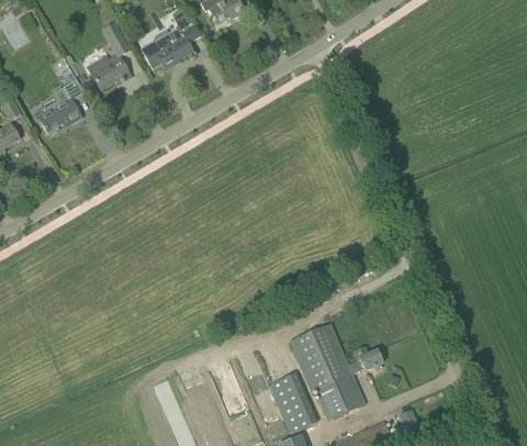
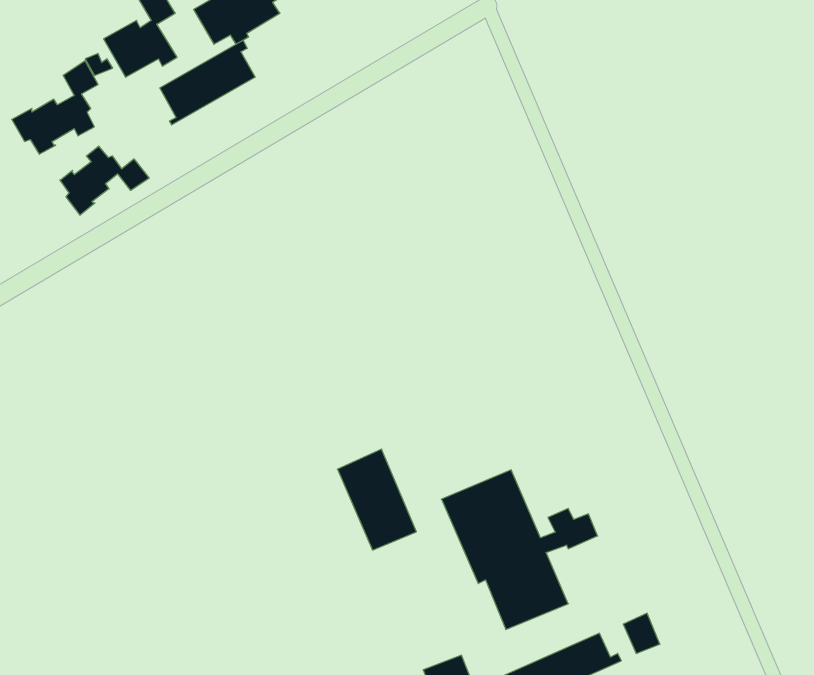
building: none -> [160,40,255,125]
building: none -> [60,146,149,215]
building: [269,372,316,433] -> [337,449,416,550]

